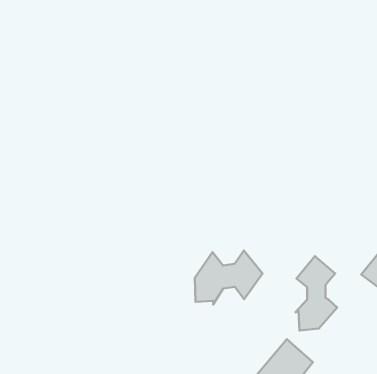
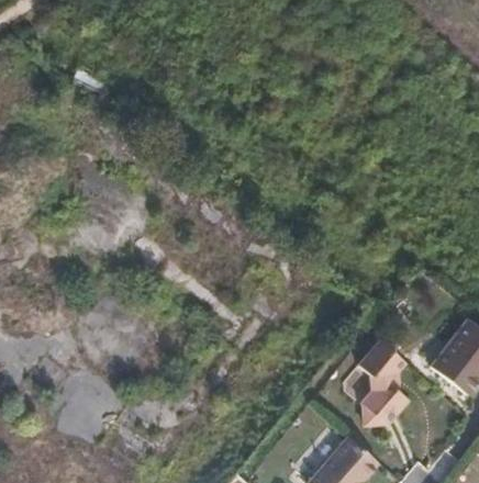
building: [195,250,263,304] -> none

